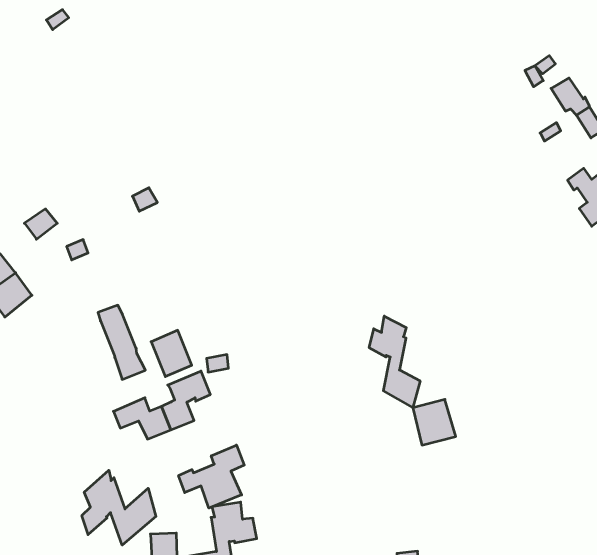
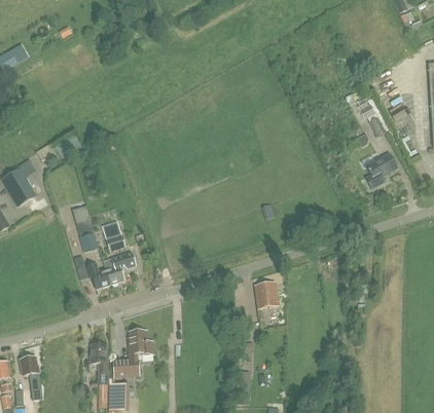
building: [369,316,420,407] -> none
building: [179,445,244,508] -> none
building: [82,470,156,545] -> none

